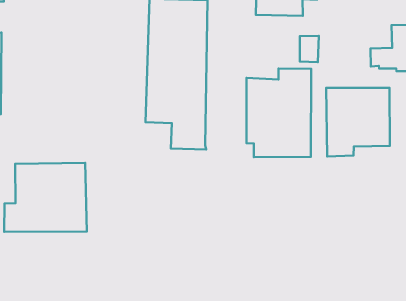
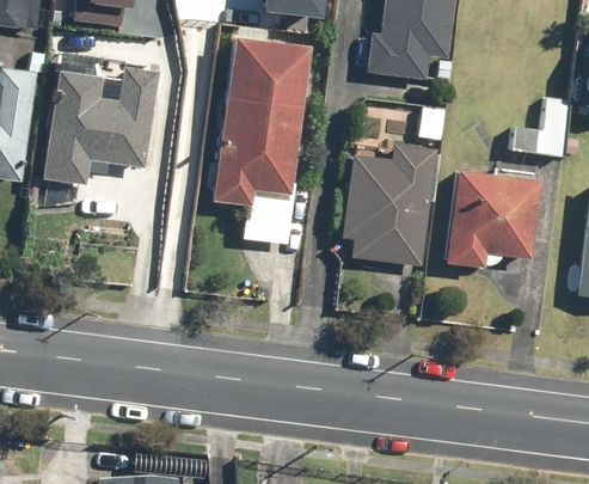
building: none -> [38,69,153,184]
building: [4,163,87,232] -> none

